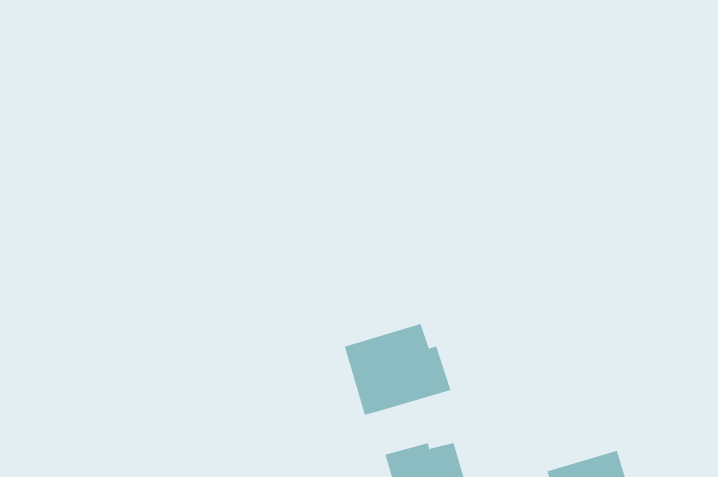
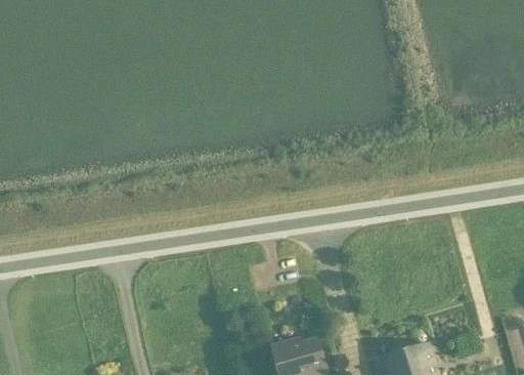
building: [344,323,451,416] -> none

